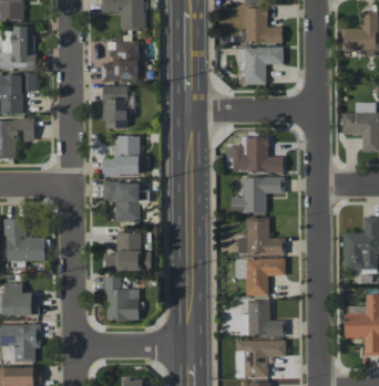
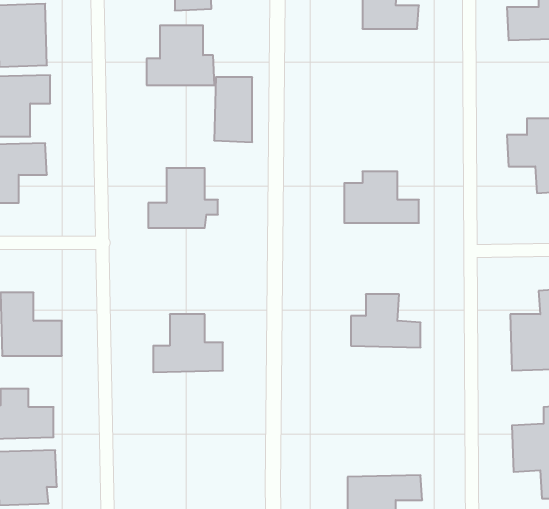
building: [237,48,283,85] -> none
building: [102,86,127,129] -> [214,77,252,142]
building: [231,177,284,213] -> none
building: [102,182,140,222] -> none
building: [235,259,285,296] -> none
building: [104,277,139,321] -> none
building: [239,303,285,336] -> none

